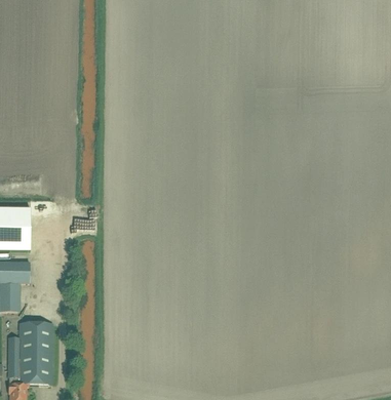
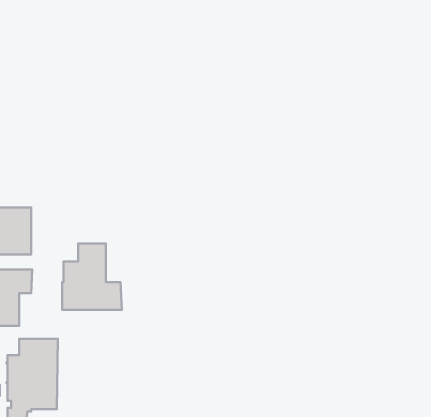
building: none -> [62,243,122,310]

